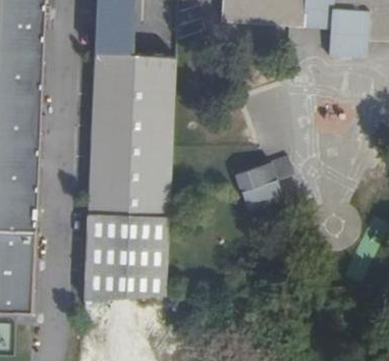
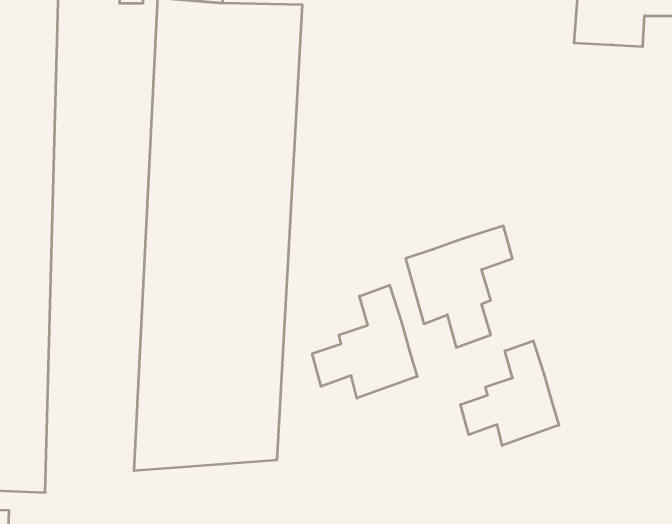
building: none -> [312,285,417,398]
building: none -> [461,341,559,446]

